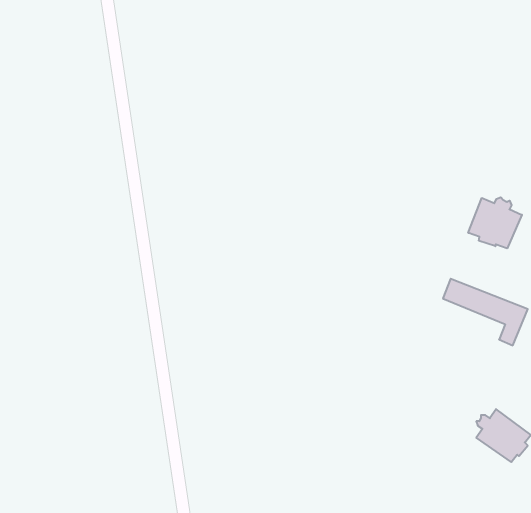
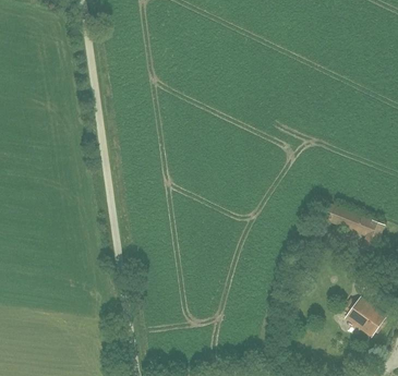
building: [468,197,522,248] -> none

